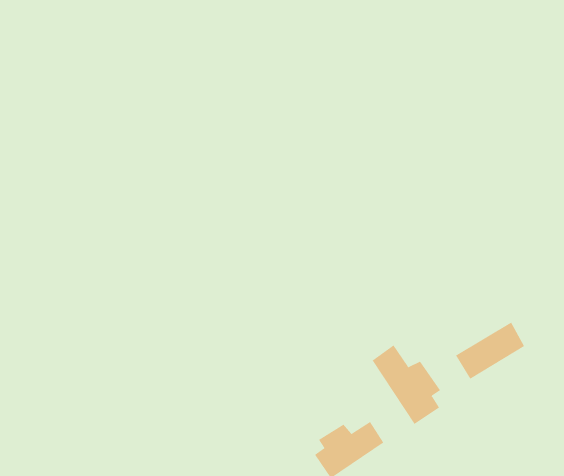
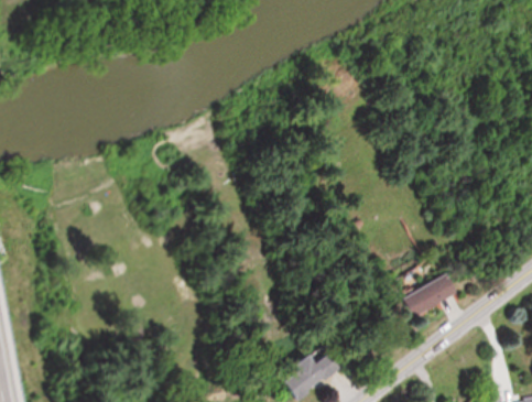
building: [372,345,441,425] -> none

